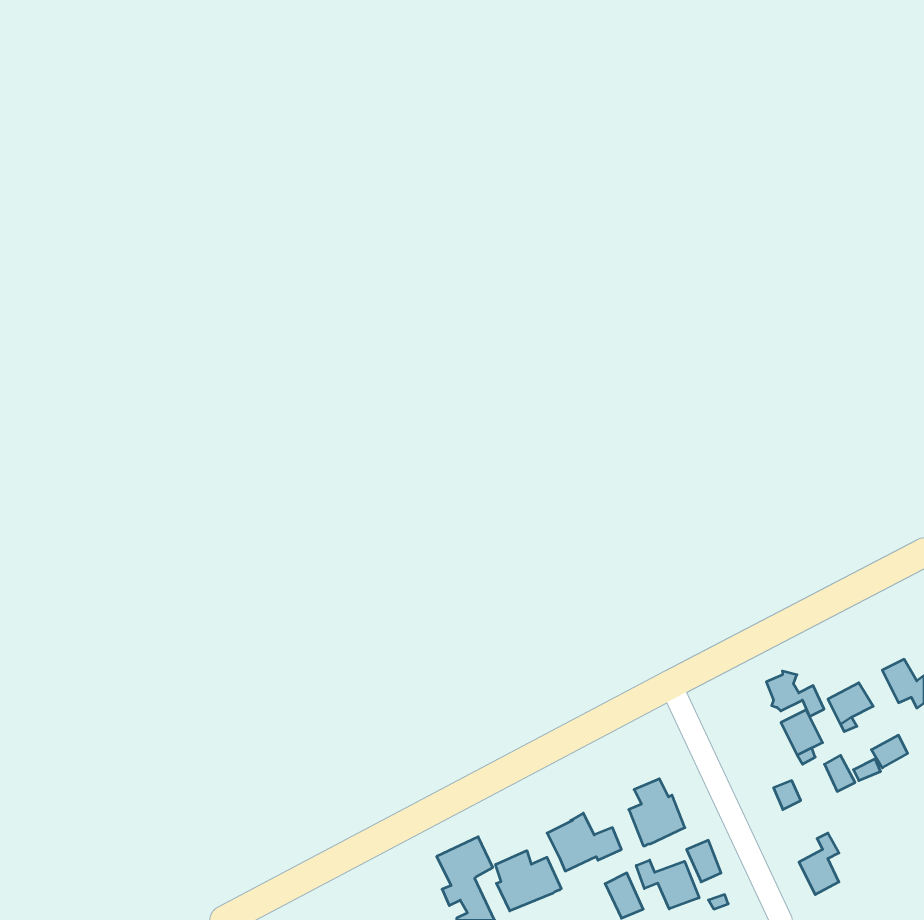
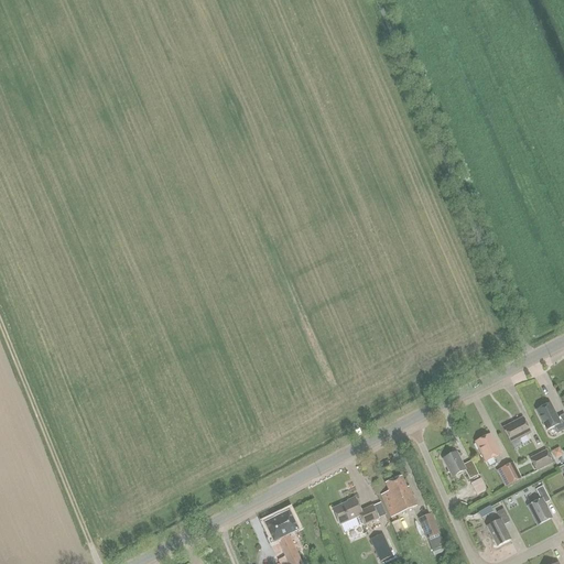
building: [766,671,824,716] -> [443,449,478,477]
building: none -> [528,484,551,522]
building: [496,851,561,911] -> none
building: [636,860,699,909] -> none

